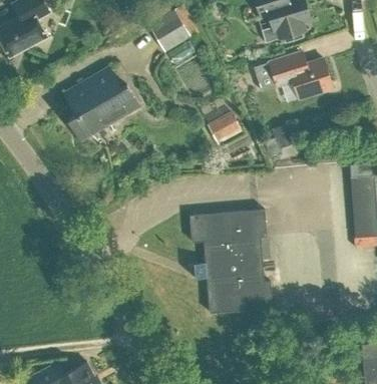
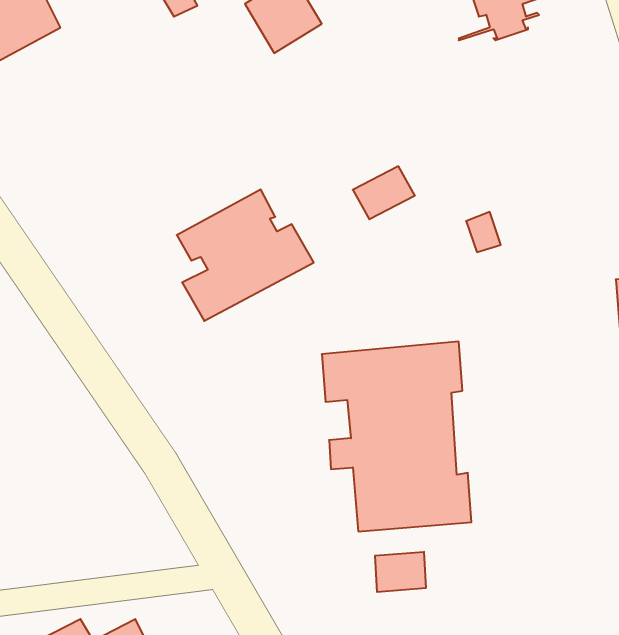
building: [253,53,332,98] -> none
building: [64,69,139,141] -> [177,189,314,321]
building: none -> [375,552,426,592]

